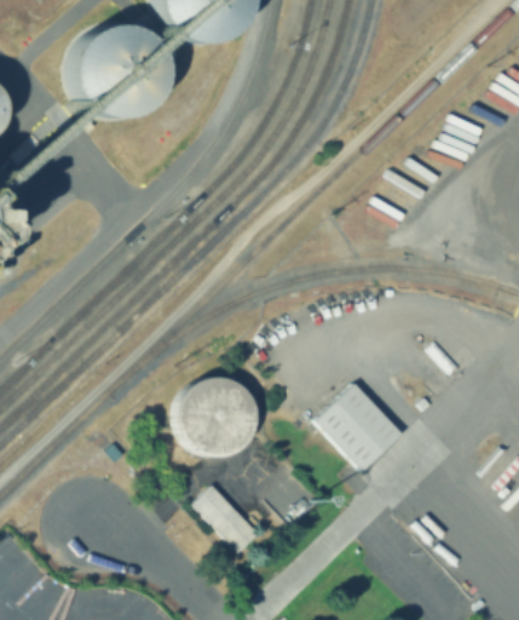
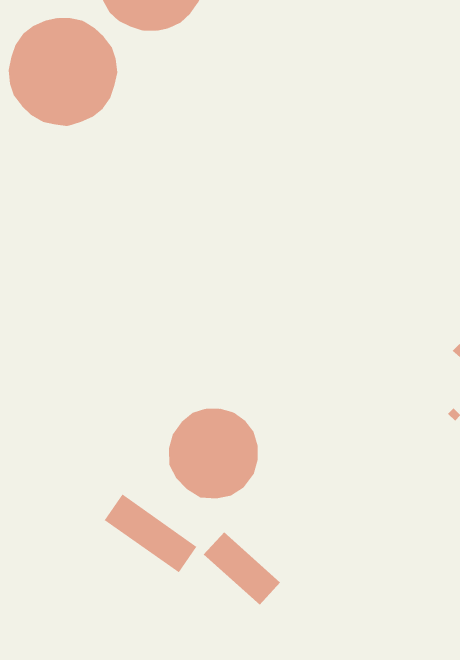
building: [316,381,404,471] -> none
building: none -> [104,494,197,573]

